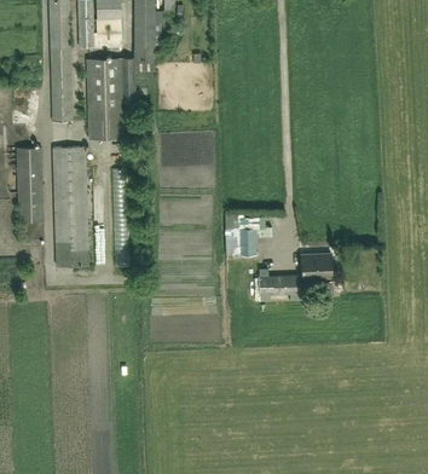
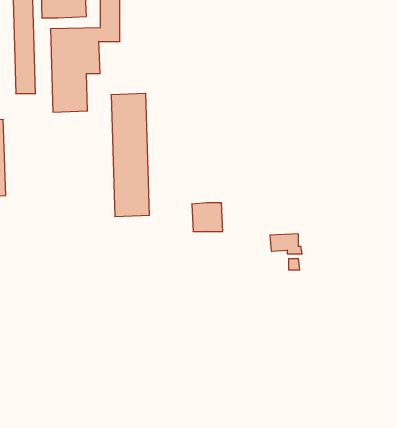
building: [52,146,89,266] -> [111,93,149,216]
building: [259,274,300,295] -> none

